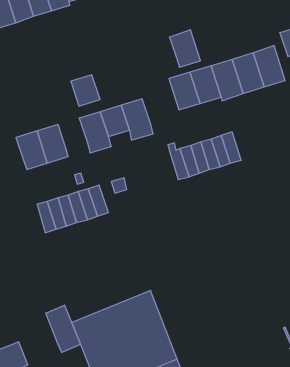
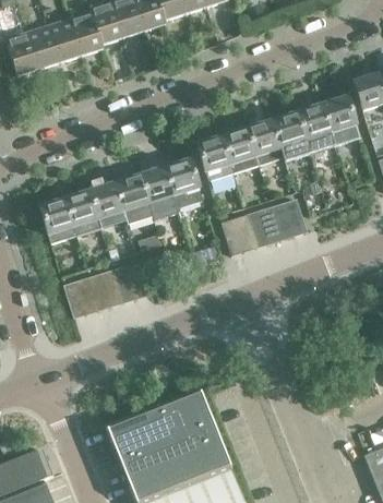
building: [169,30,200,67] -> [196,135,234,180]
building: [71,75,100,106] -> [89,182,124,219]
building: [46,305,81,353] -> none

